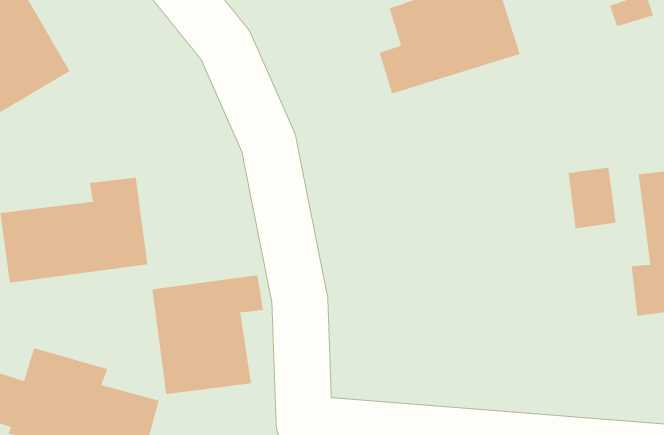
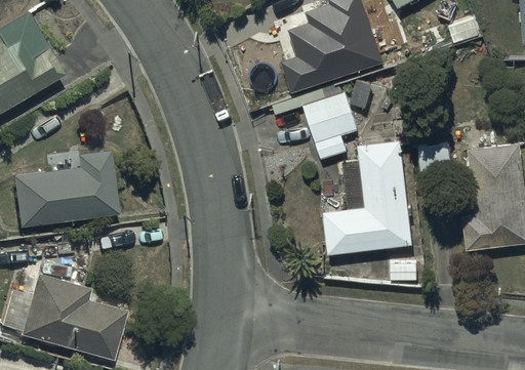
building: none -> [273,88,358,159]
building: none -> [324,139,412,252]
building: [152,275,263,395] -> none

